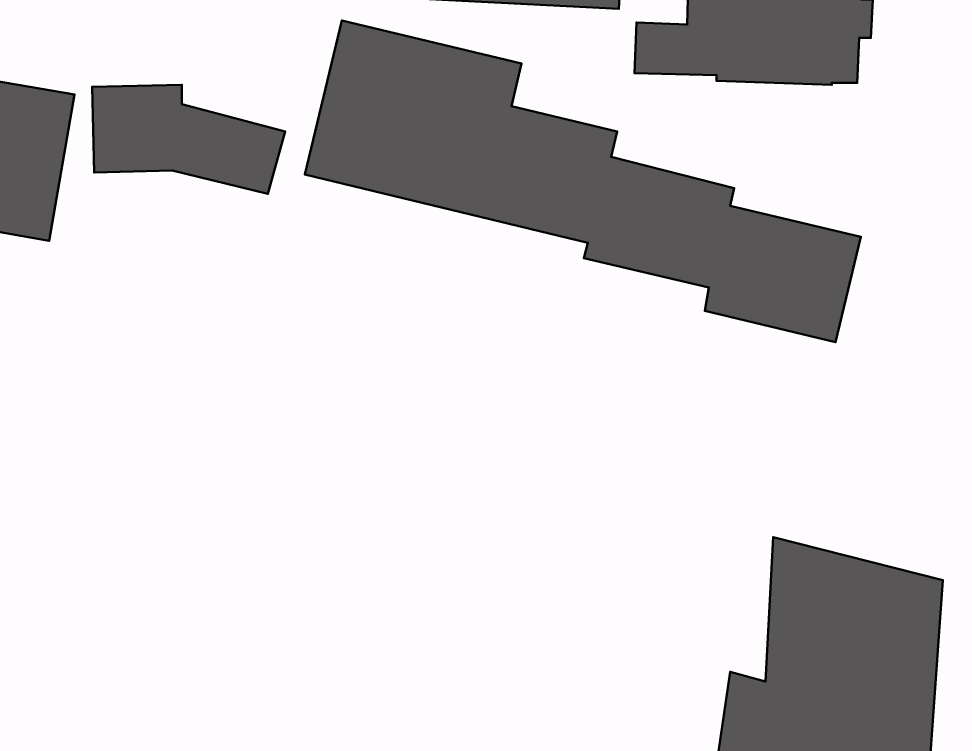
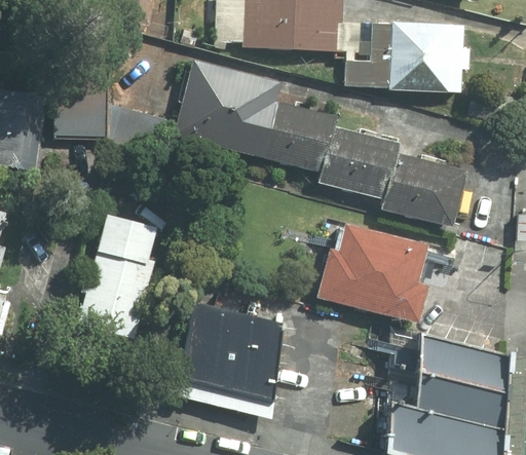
building: none -> [78,216,153,337]
building: none -> [322,230,423,314]
building: none -> [179,292,281,419]

